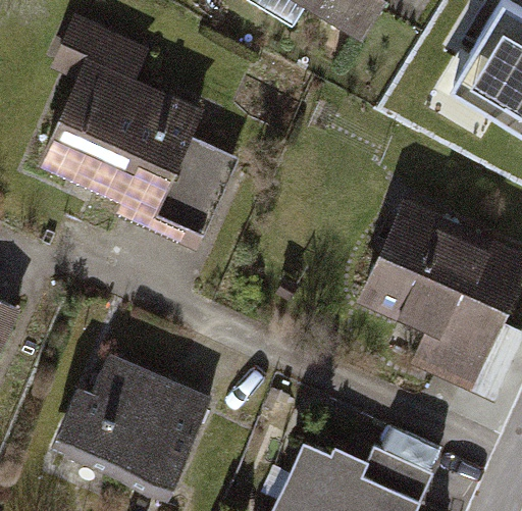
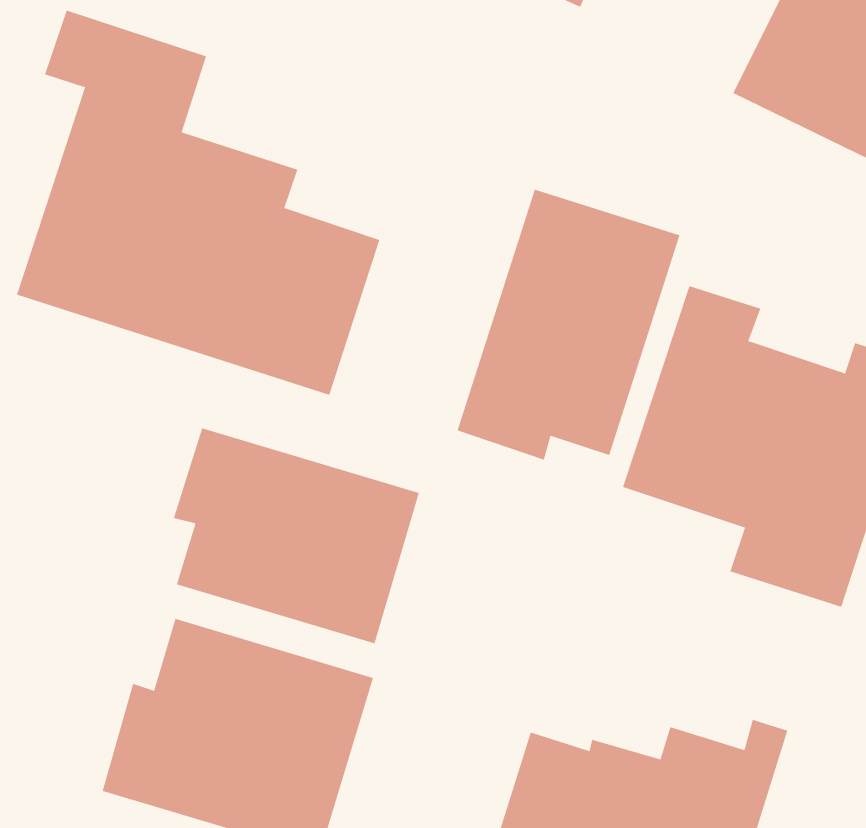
building: none -> [457,189,680,460]
building: none -> [173,428,419,644]

